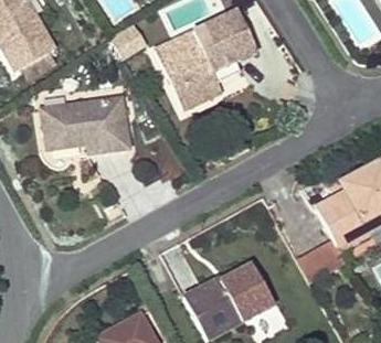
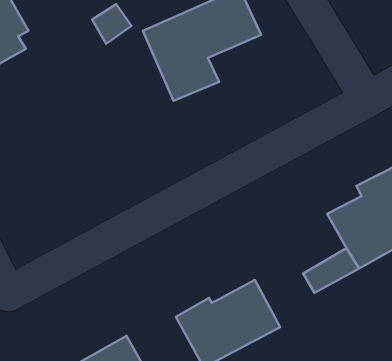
building: [41,97,128,154] -> none

